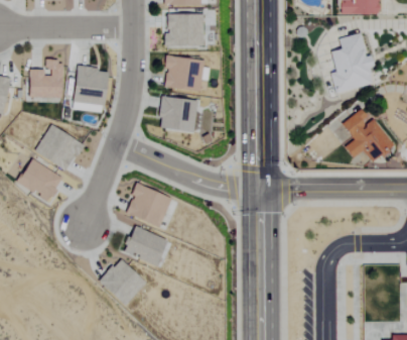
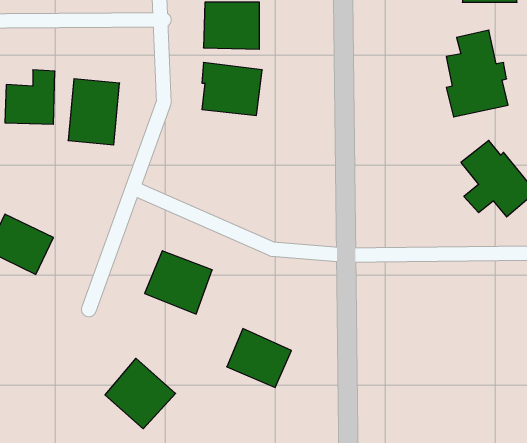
building: [159,96,196,130] -> none
building: [35,124,83,169] -> none
building: [123,224,167,264] -> [227,329,291,387]

